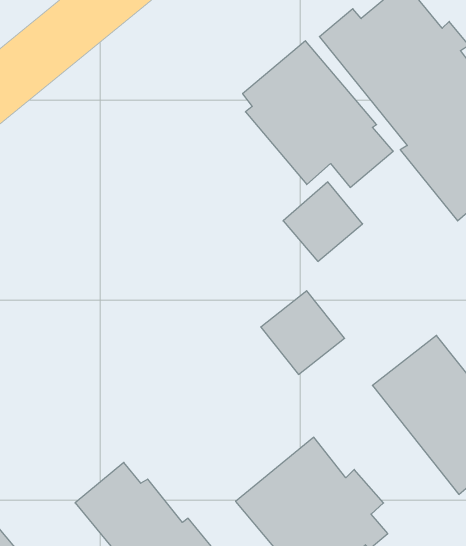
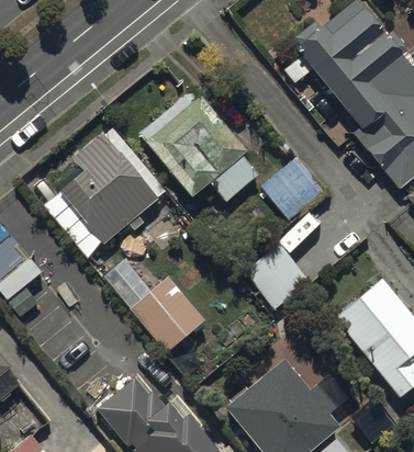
building: [243,41,393,187] -> [142,89,260,204]
building: none -> [64,129,163,238]
building: none -> [130,280,204,354]

